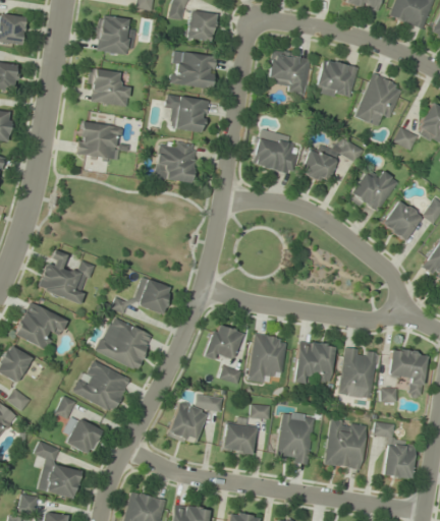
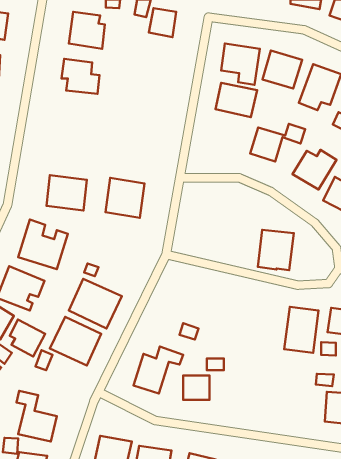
building: [171,51,217,89] -> none
building: [165,94,209,133] -> none
building: [77,121,123,161] -> [46,175,87,210]
building: [254,136,300,175] -> [216,83,257,117]
building: [155,139,199,184] -> [106,178,144,218]
building: [133,277,173,314] -> none
building: [206,324,242,363] -> none
building: [249,334,288,384] -> none
building: [294,340,335,386] -> [258,230,294,270]
building: [276,411,317,465] -> none
building: [65,414,105,456] -> [10,319,45,356]
building: [325,418,368,470] -> none

